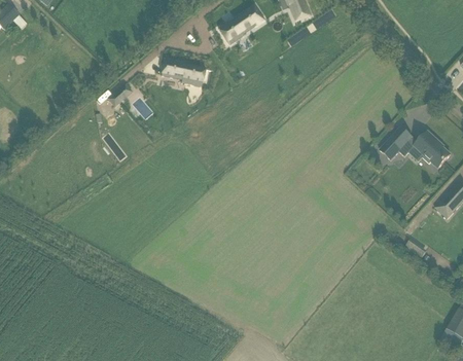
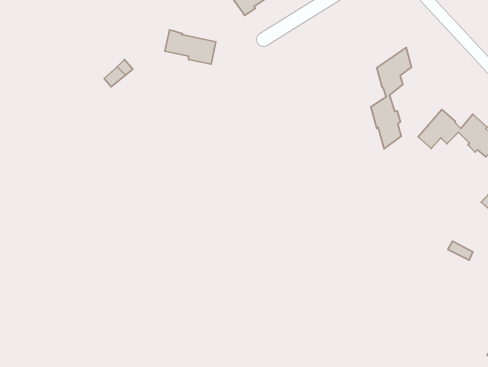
building: none -> [371,48,412,149]

